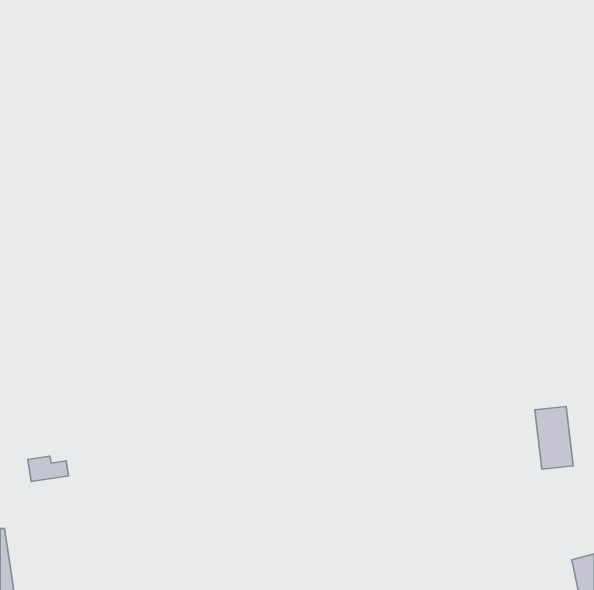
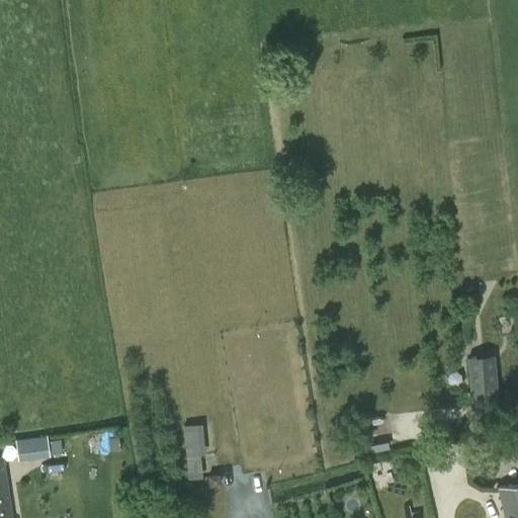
building: [28,456,68,482] -> [26,436,62,458]
building: none -> [187,424,206,481]

